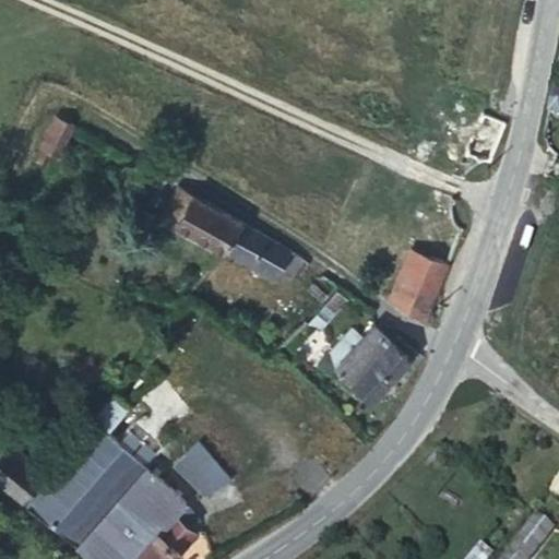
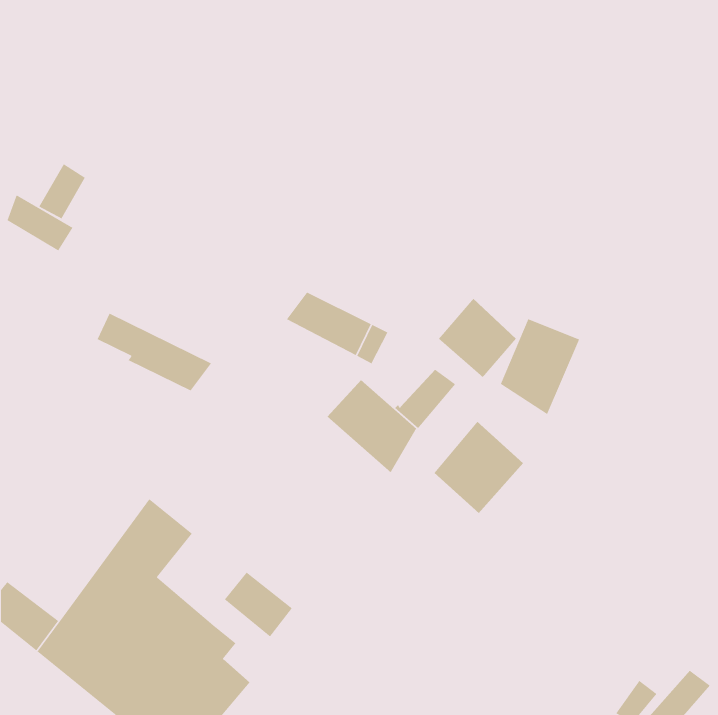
building: none -> [7,194,74,252]
building: [150,190,239,251] -> [97,313,212,391]
building: none -> [438,298,517,378]
building: none -> [326,379,417,474]

